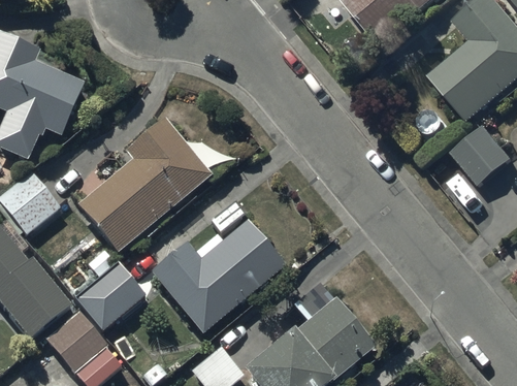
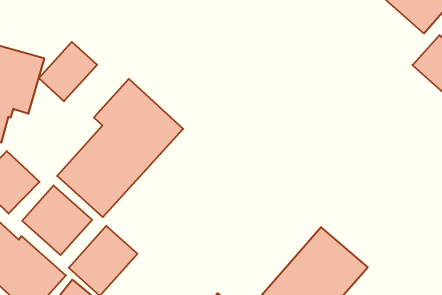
building: none -> [39,42,97,101]
building: none -> [22,185,92,255]
building: [152,220,285,332] -> none

